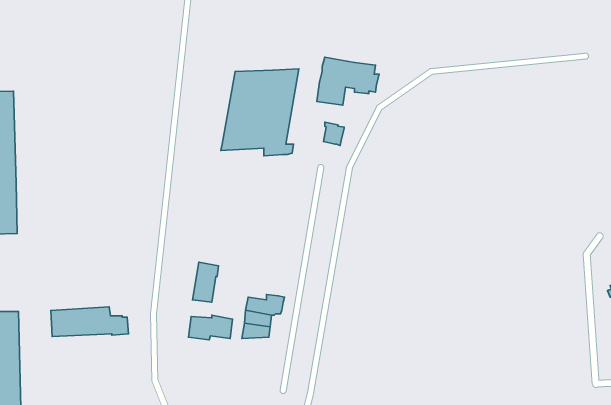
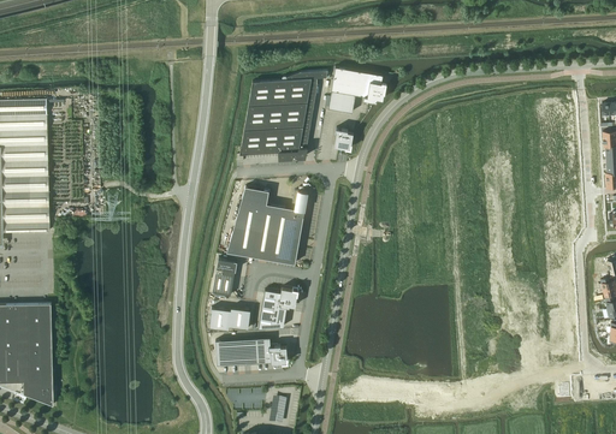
building: none -> [225,188,307,264]
building: [51,307,129,337] -> [214,338,286,365]

